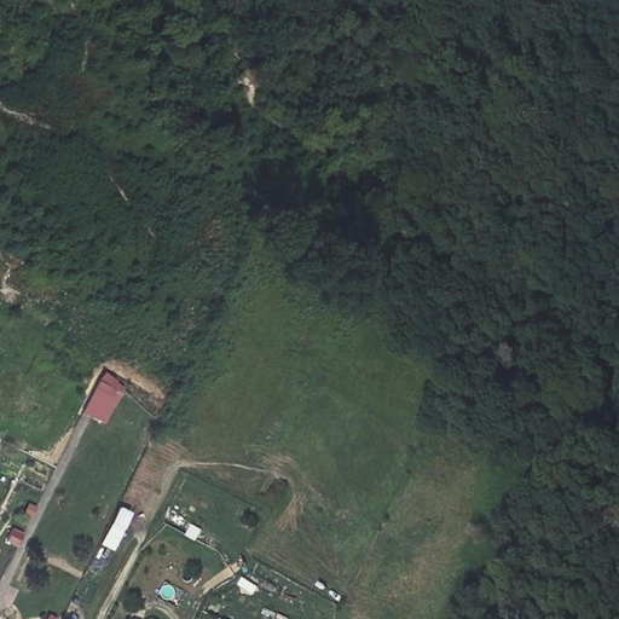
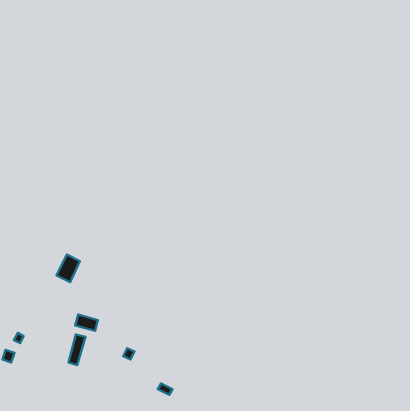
building: none -> [75,315,98,331]

